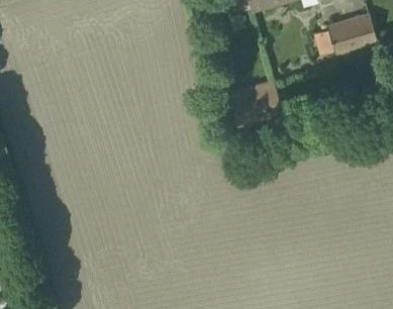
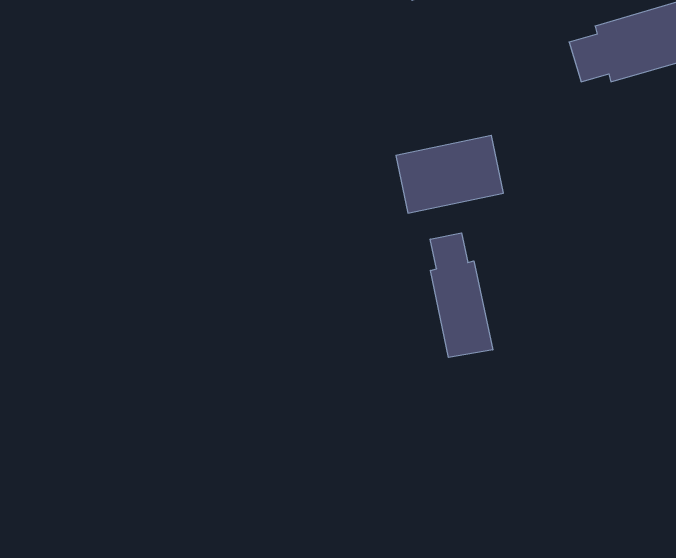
building: none -> [430,233,493,357]

